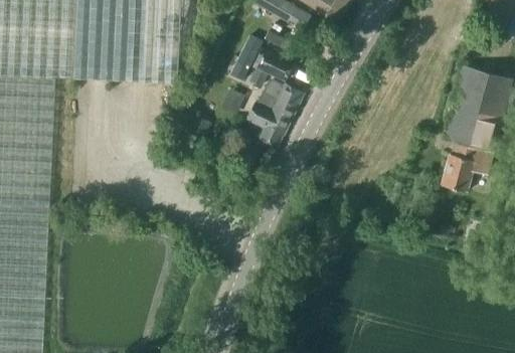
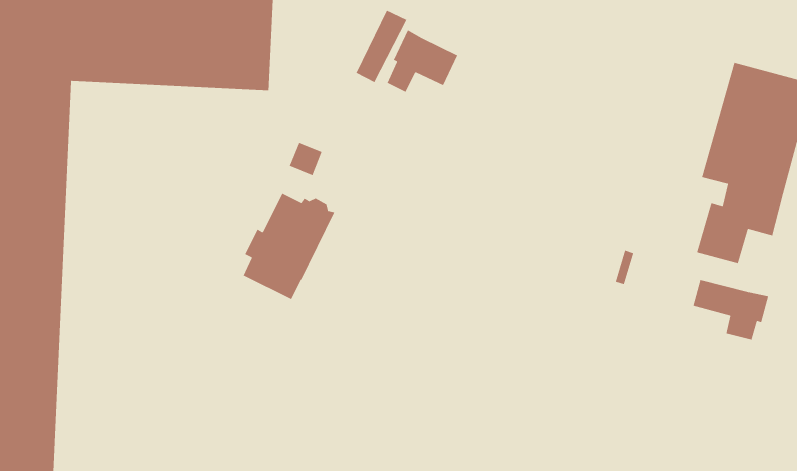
building: [245,79,303,146] -> [243,192,335,300]
building: none -> [692,279,769,340]

